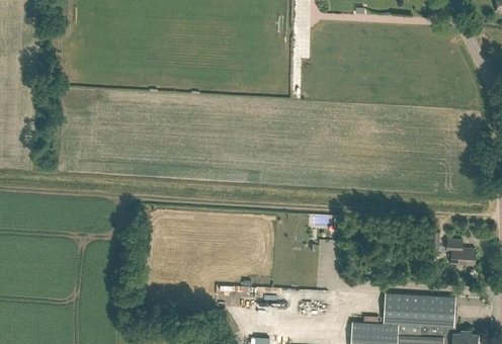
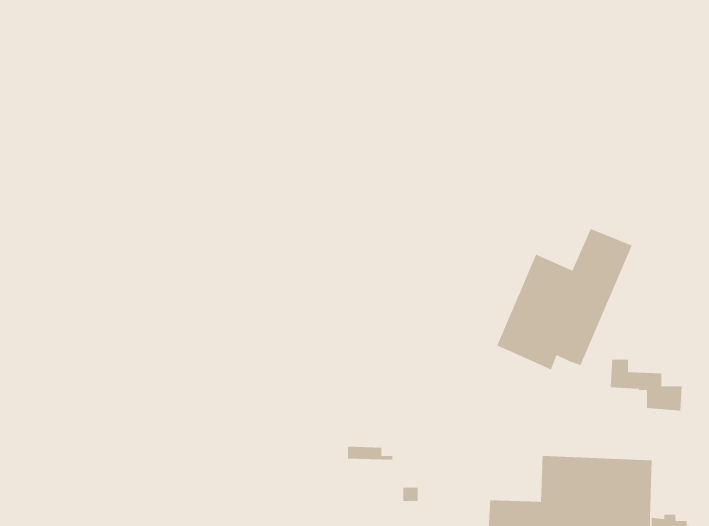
building: none -> [496,228,633,371]

